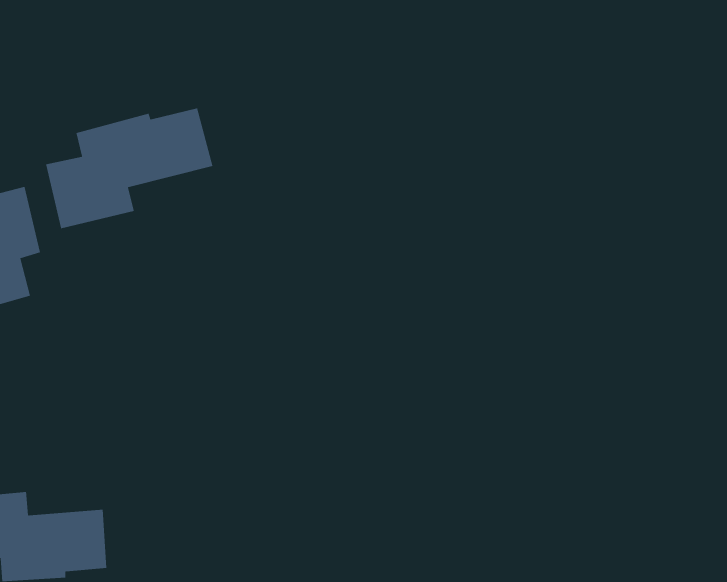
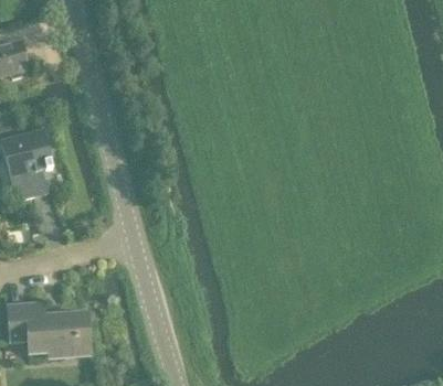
building: [45,108,213,229] -> none

